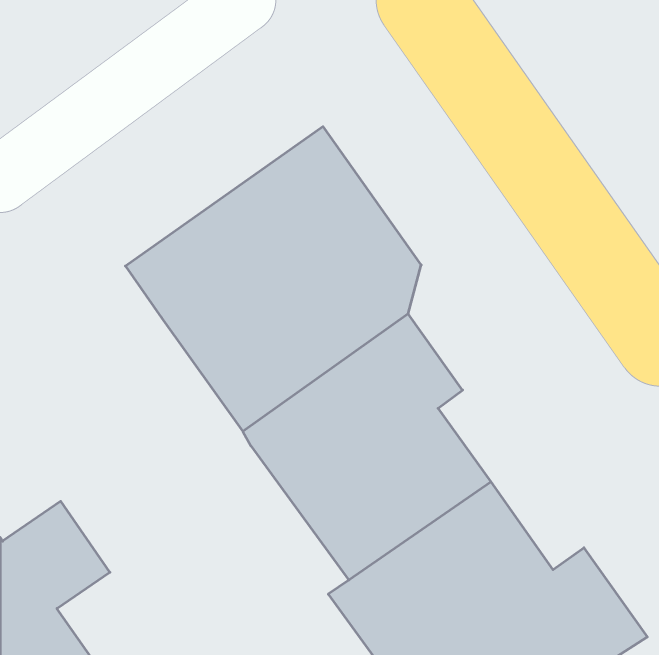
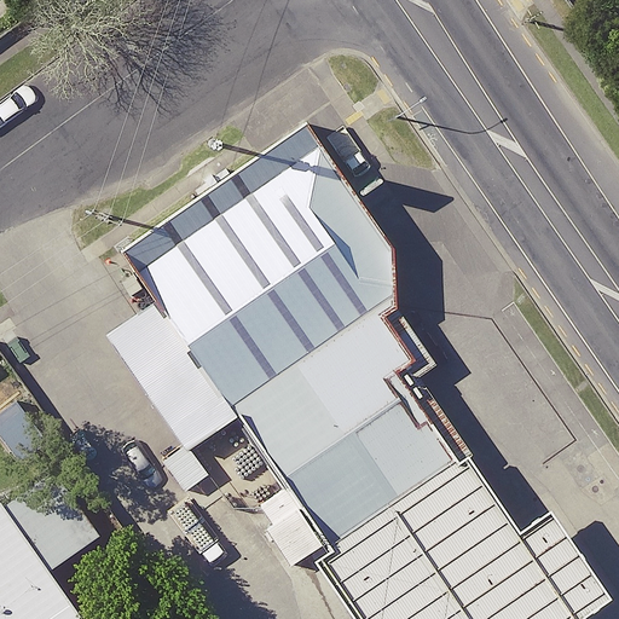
building: none -> [104,302,236,455]

